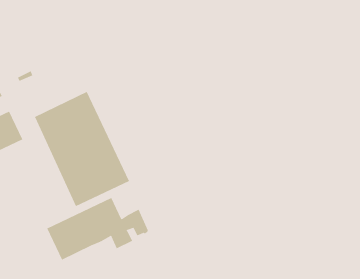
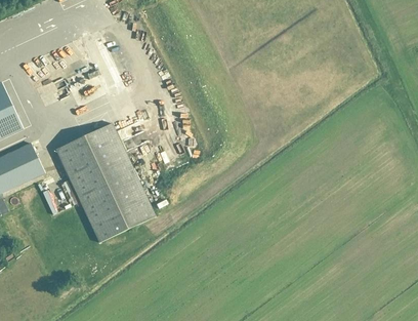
building: [47,197,148,260] -> none

